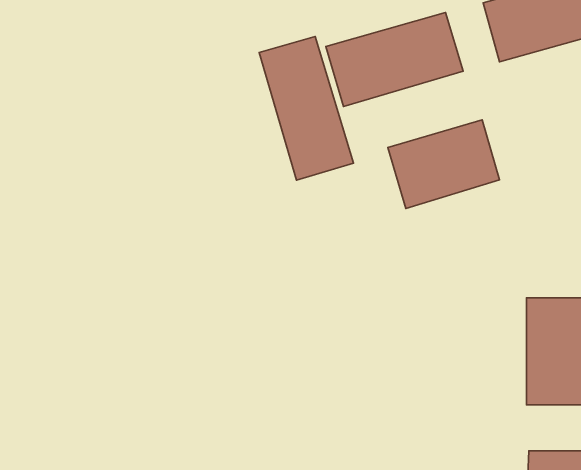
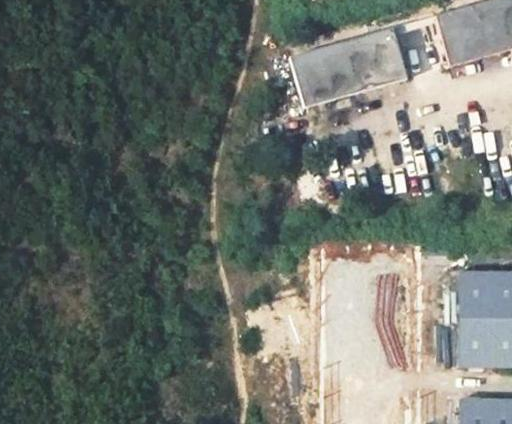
building: [259,36,354,180] -> none
building: [388,120,500,208] -> none

